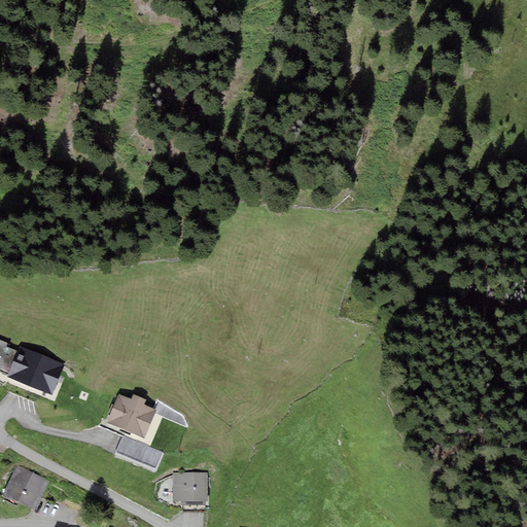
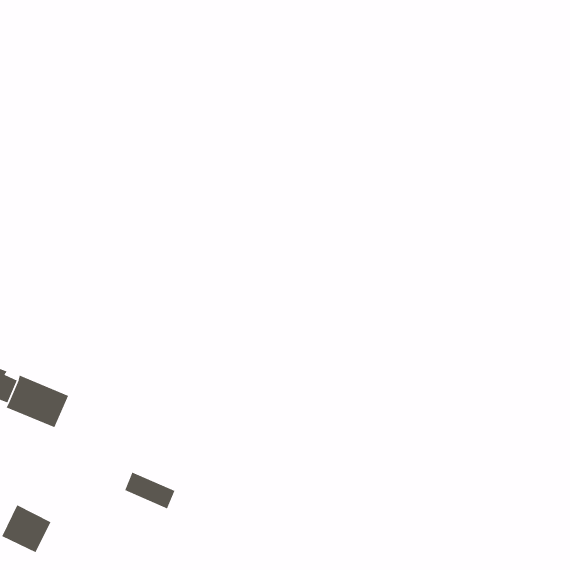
building: [105,393,155,437] -> none
building: [171,471,207,504] -> none

